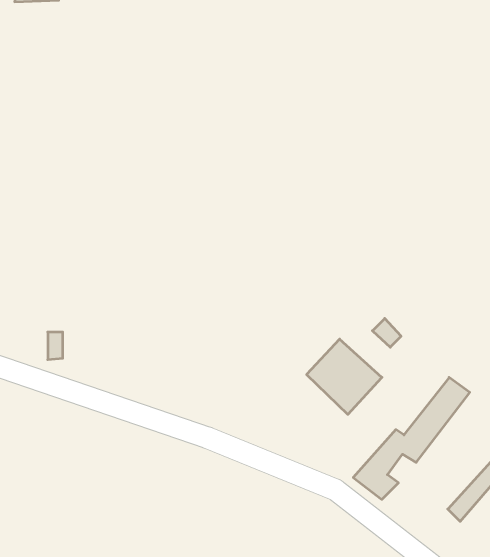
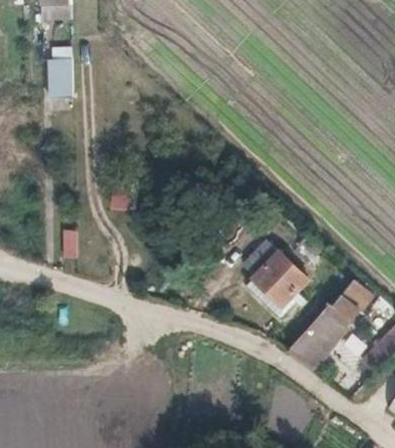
building: none -> [49,63,73,97]

